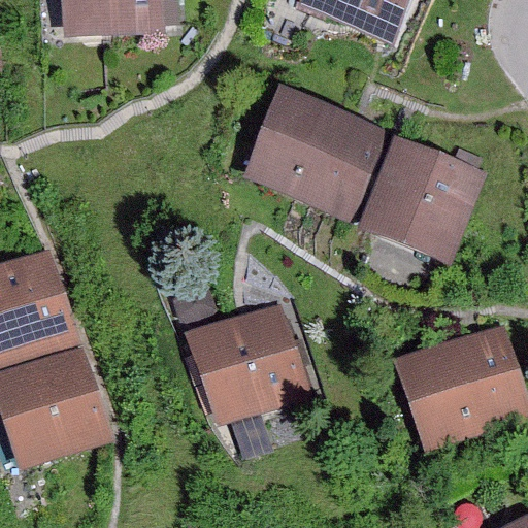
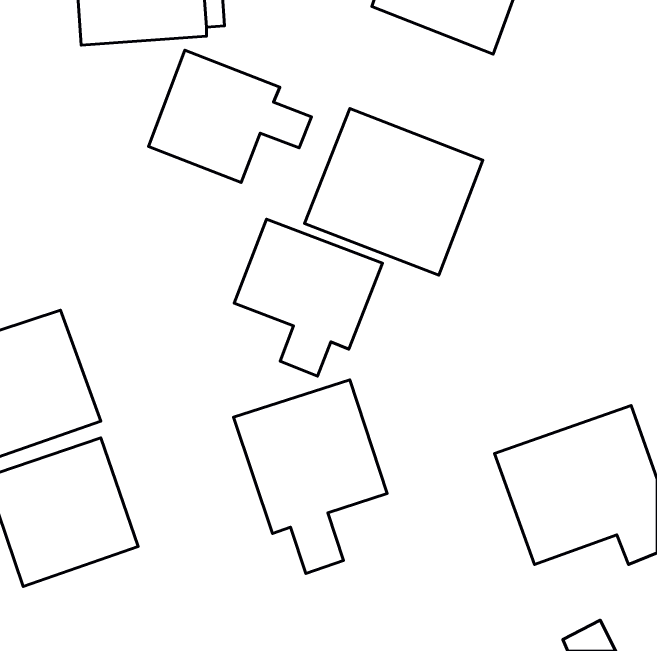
building: none -> [148,50,312,182]
building: [359,138,485,263] -> none
building: none -> [234,219,382,376]

